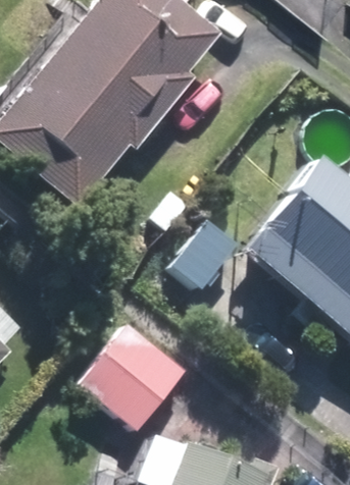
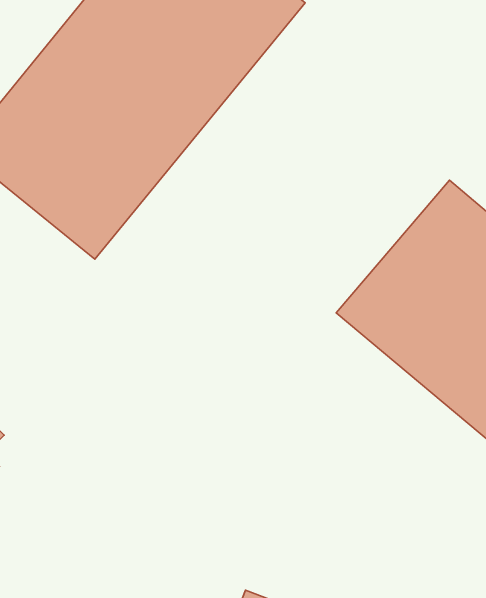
building: [78,324,186,432] -> none

